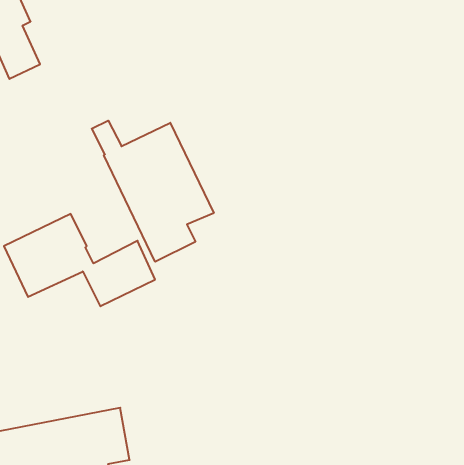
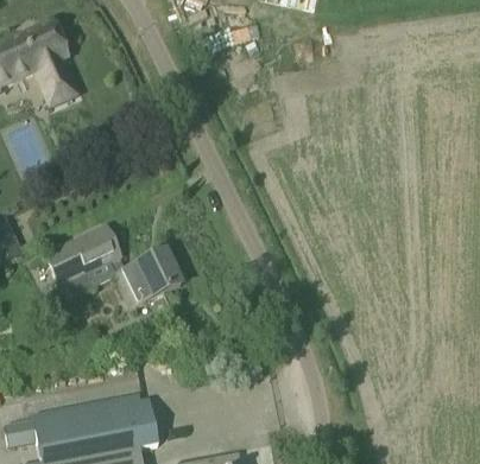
building: [92,121,214,262] -> none

